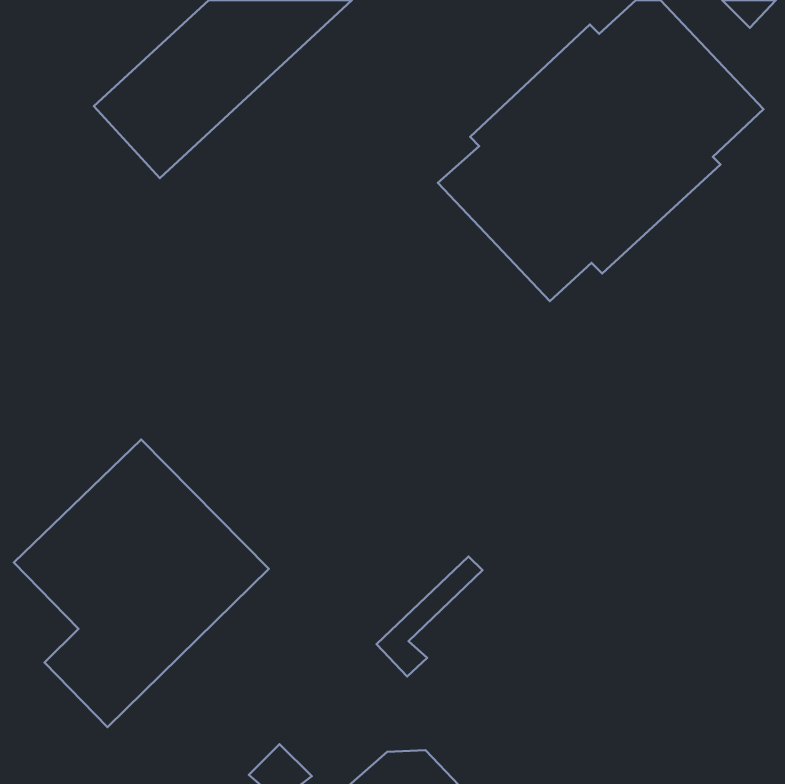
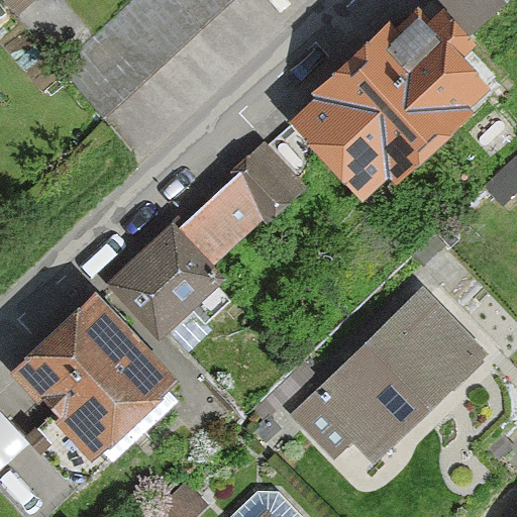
building: none -> [106,144,304,336]
building: none -> [292,289,487,463]

